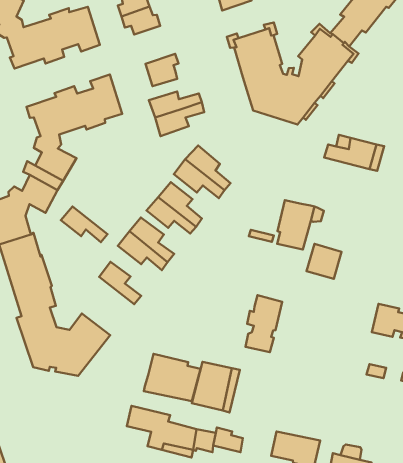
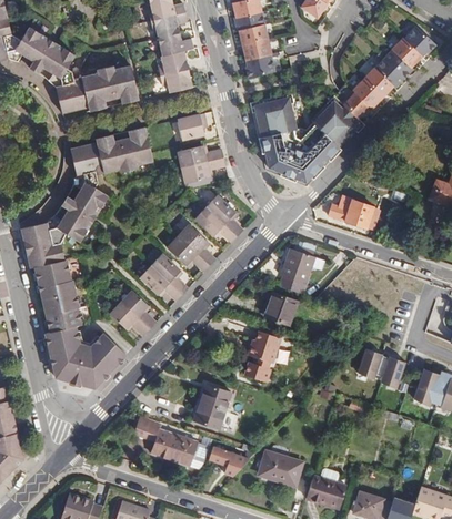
building: [61,207,108,242] -> [109,302,149,335]
building: [307,244,342,279] -> [262,291,294,323]
building: [144,354,201,401] -> none

